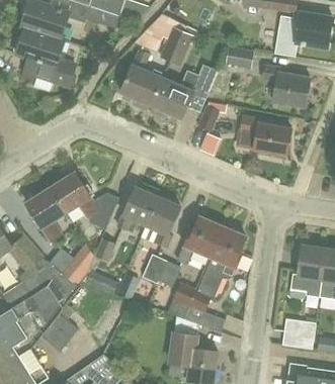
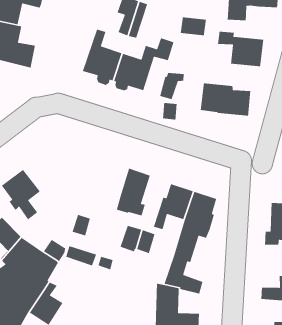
building: [50,172,117,230] -> none
building: [117,187,158,232] -> none
building: [166,283,195,319] -> none

